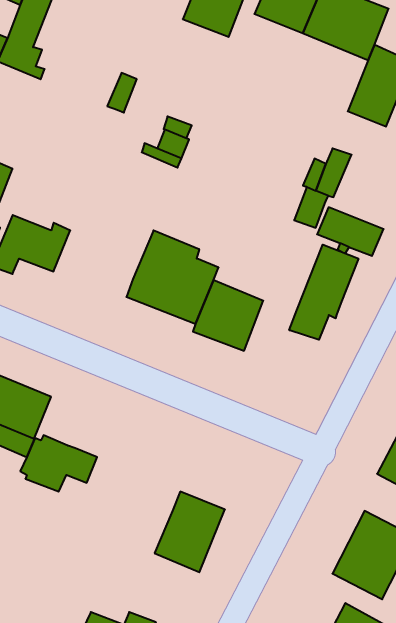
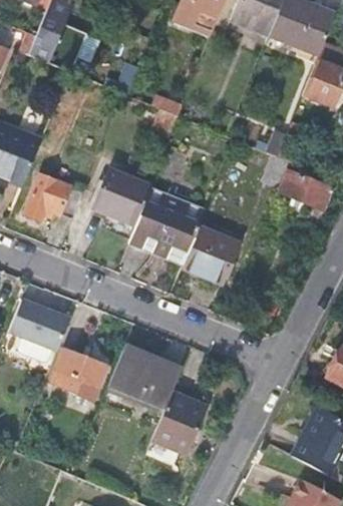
building: none -> [93,169,151,225]
building: [289,245,358,340] -> none
building: none -> [108,345,182,407]

